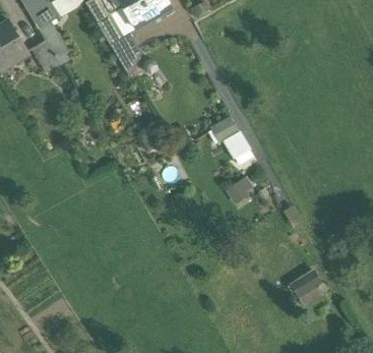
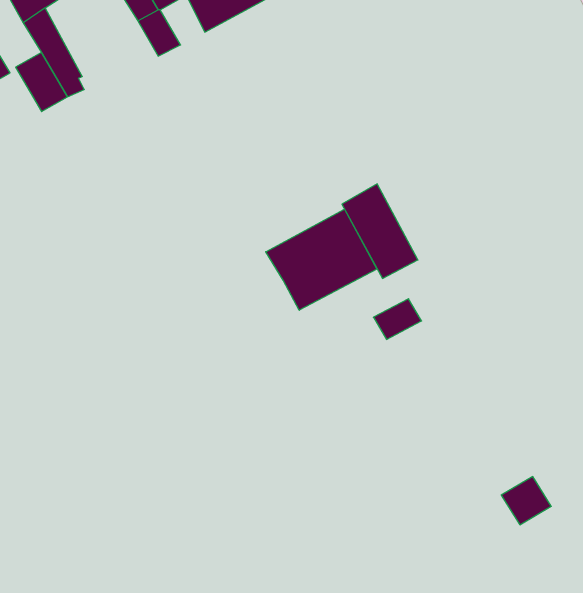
building: [108,28,138,74] -> none
building: none -> [266,209,377,310]

